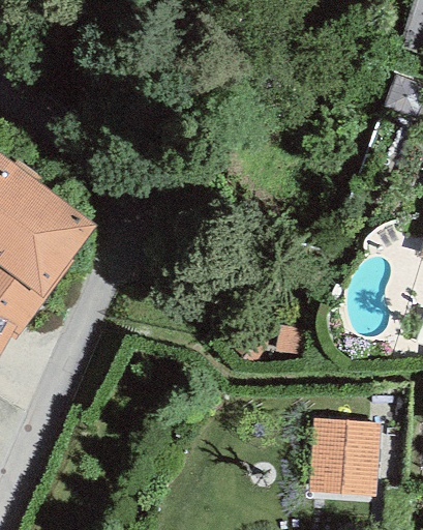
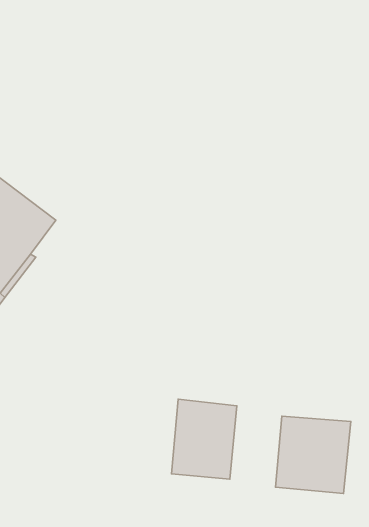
building: none -> [172,399,237,479]

